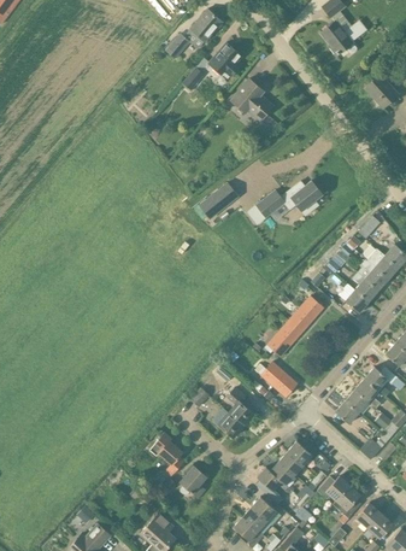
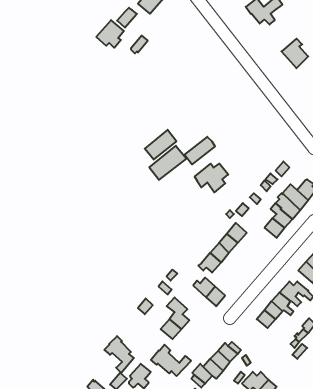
building: [208,42,242,76] -> [96,20,124,48]
building: [231,78,273,121] -> none
building: [281,181,322,216] -> [195,164,228,192]
building: none -> [149,146,187,180]
building: none -> [151,345,191,376]

